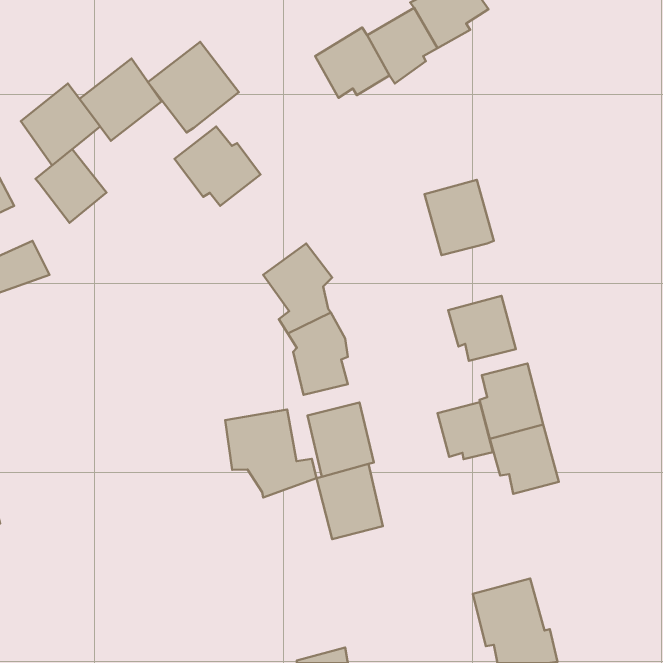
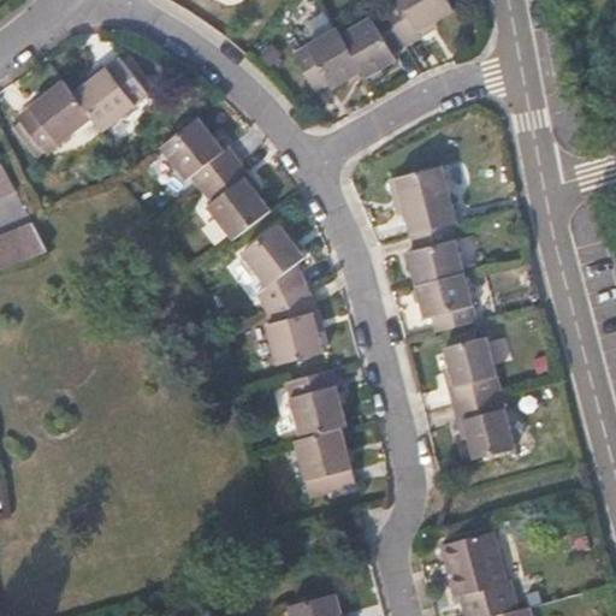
building: [148,42,239,132] -> none
building: [36,149,107,223] -> none
building: none -> [203,161,272,239]
building: none -> [405,225,463,286]
building: [437,402,493,459] -> none
building: [225,409,317,497] -> none

